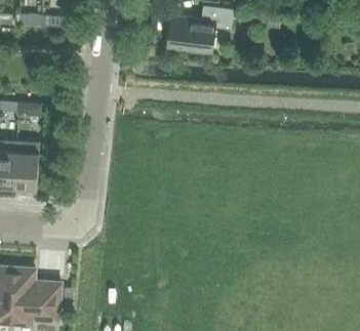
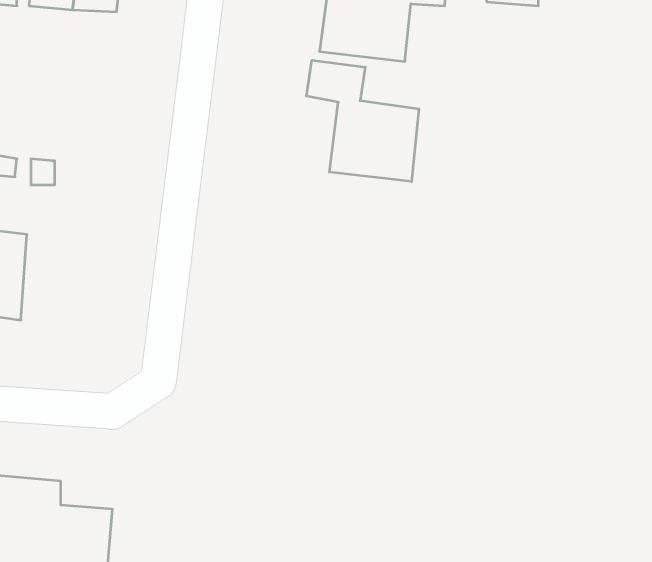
building: none -> [306,60,419,182]
building: [13,142,39,188] -> none

